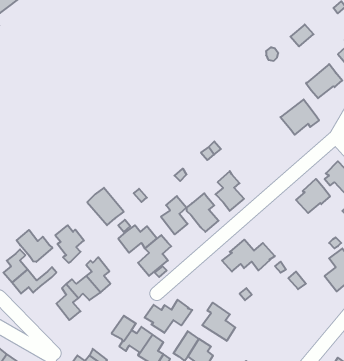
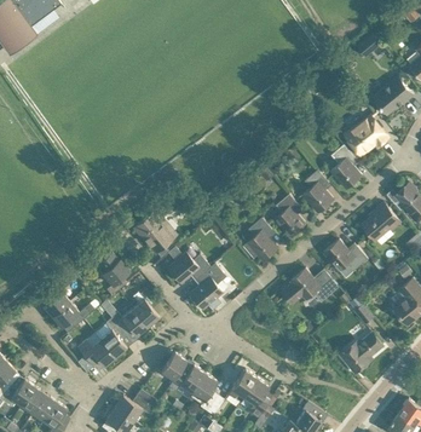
building: none -> [330,144,362,189]
building: none -> [302,169,333,213]
building: [161,196,188,234] -> none
building: none -> [323,240,368,278]
building: [17,230,52,262] -> none
building: none -> [76,333,114,367]
building: none -> [341,333,382,371]
building: [145,300,192,333] -> none
building: [202,303,235,341] -> none

